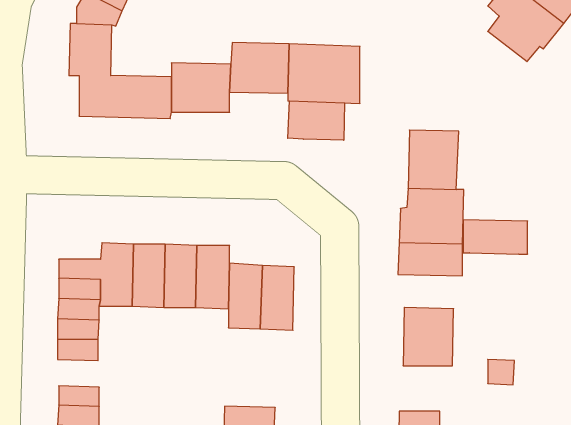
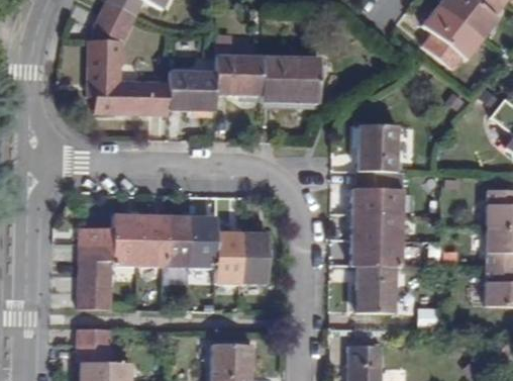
building: [288,101,345,140] -> none
building: [463,220,528,254] -> [349,240,401,267]

